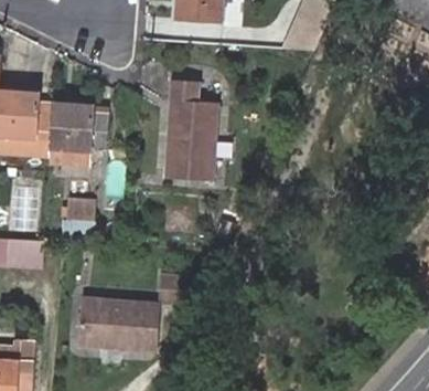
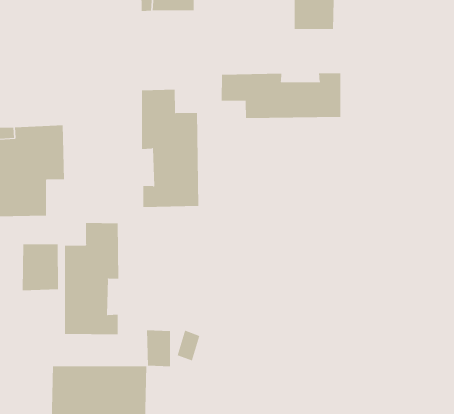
building: none -> [221,73,341,119]
building: none -> [65,222,119,335]

